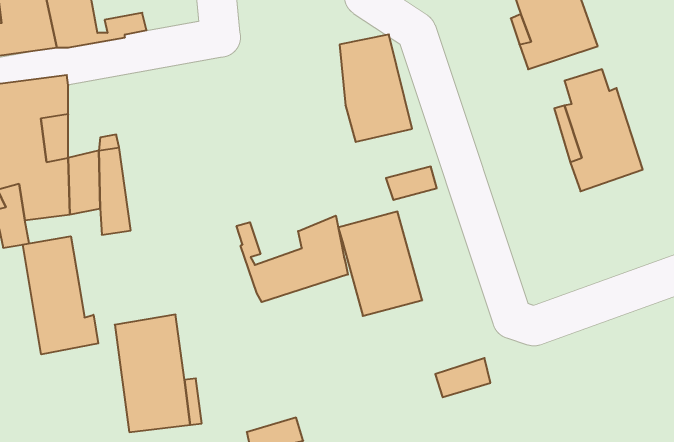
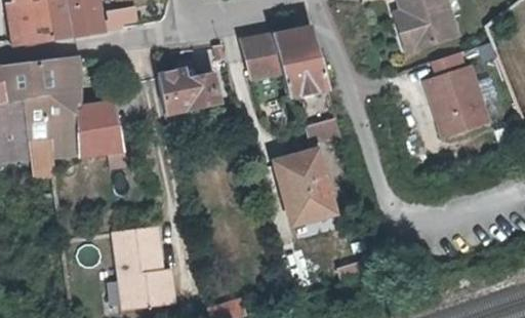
building: none -> [239,33,277,81]
building: none -> [160,66,220,112]
building: [237,216,348,302] -> none
building: [23,236,98,354] -> none

